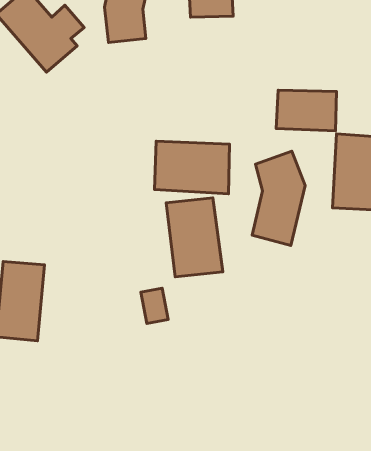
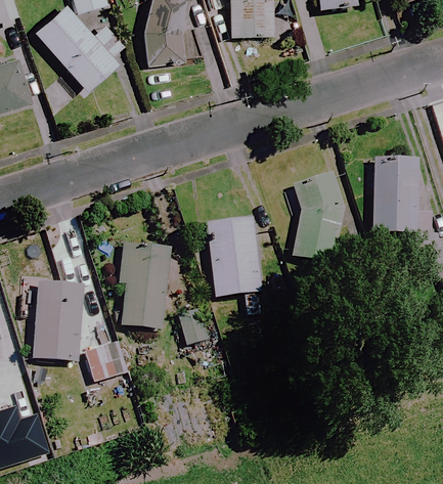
building: [276,90,336,131] -> none
building: [155,141,230,194] -> none
building: none -> [122,244,171,328]
building: none -> [84,341,126,381]

